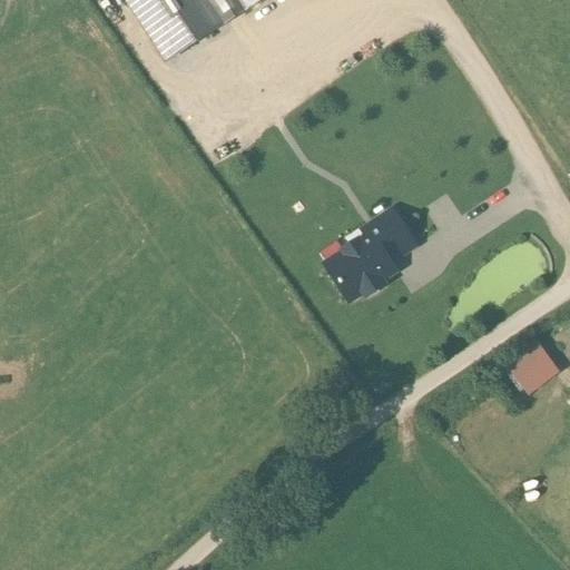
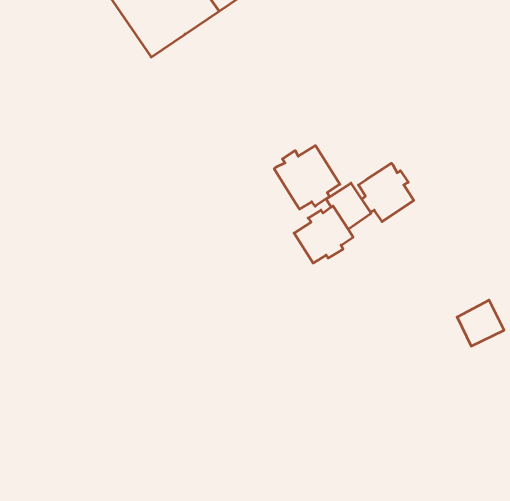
building: none -> [274,146,340,209]
building: none -> [358,163,414,222]

